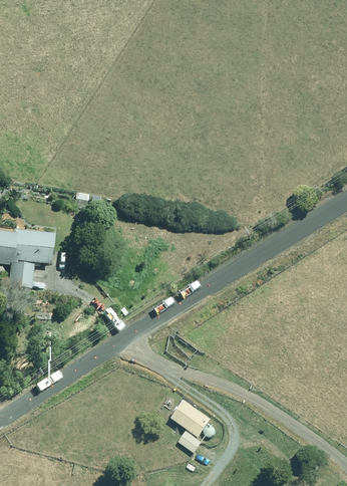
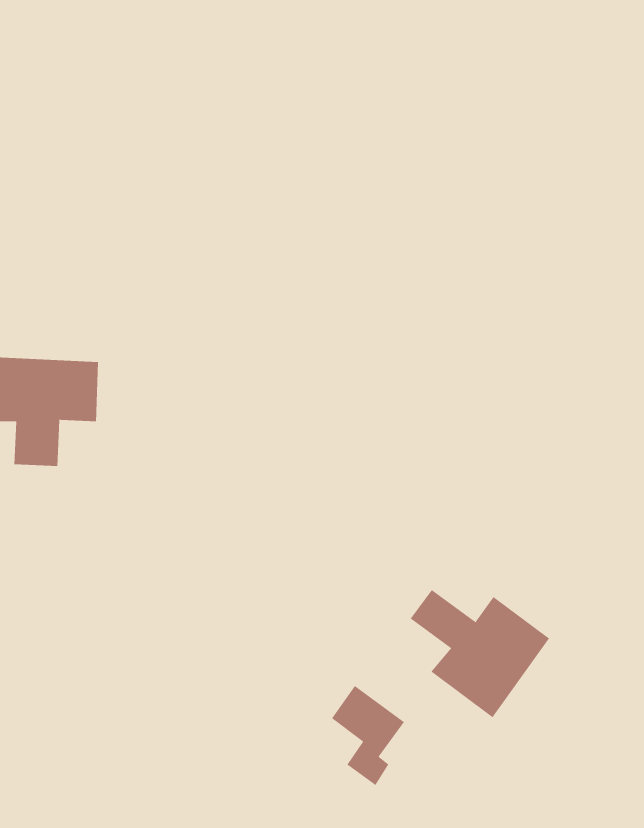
building: none -> [410,589,550,718]

